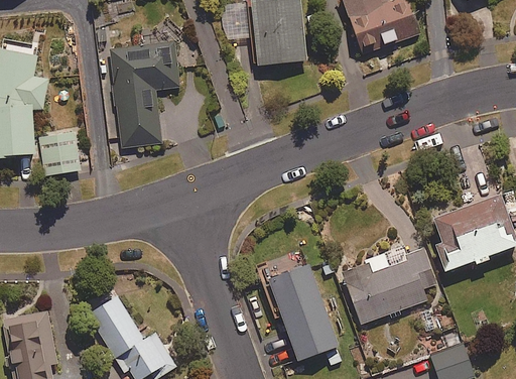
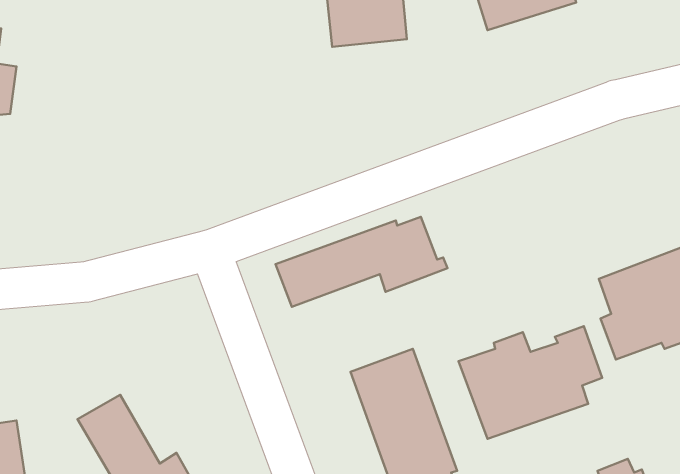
building: [105,42,178,146] -> none
building: [44,131,79,175] -> none
building: none -> [275,217,447,307]

